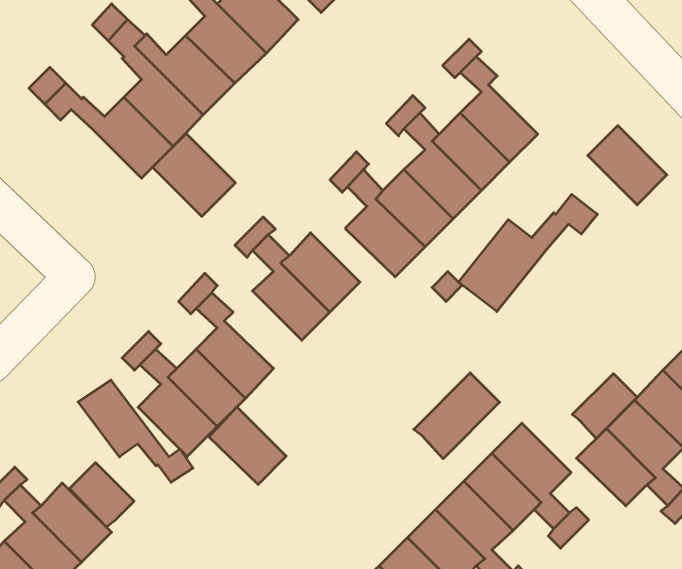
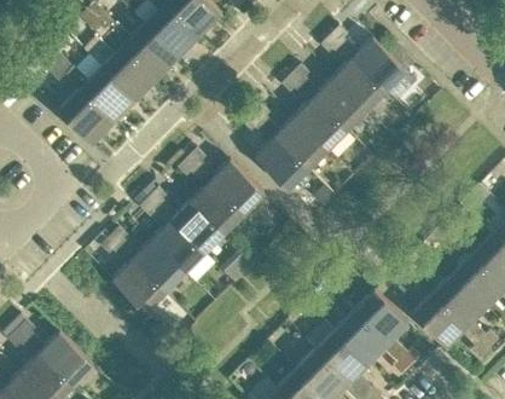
building: [588,126,667,205] -> [350,39,405,93]
building: [153,134,235,216] -> [56,89,112,146]
building: [458,194,597,312] -> none
building: [414,373,500,459] -> none
building: [572,374,637,438] -> none
building: [78,380,193,482] -> none
building: [209,407,286,484] -> [169,201,222,254]
building: [69,463,134,527] -> none

